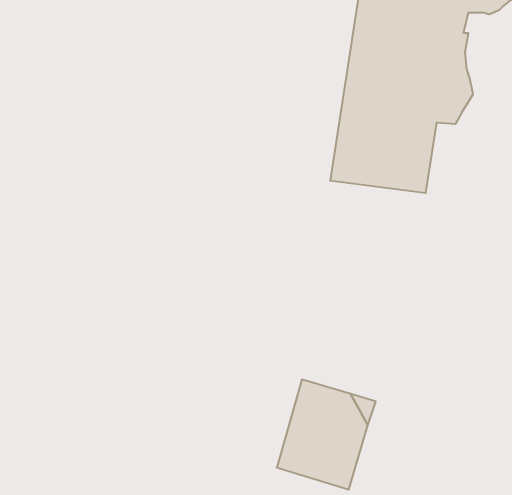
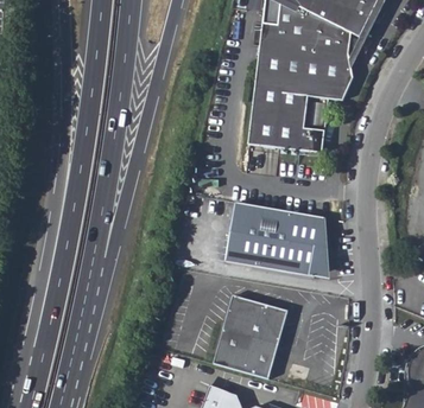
building: none -> [224,200,324,275]

